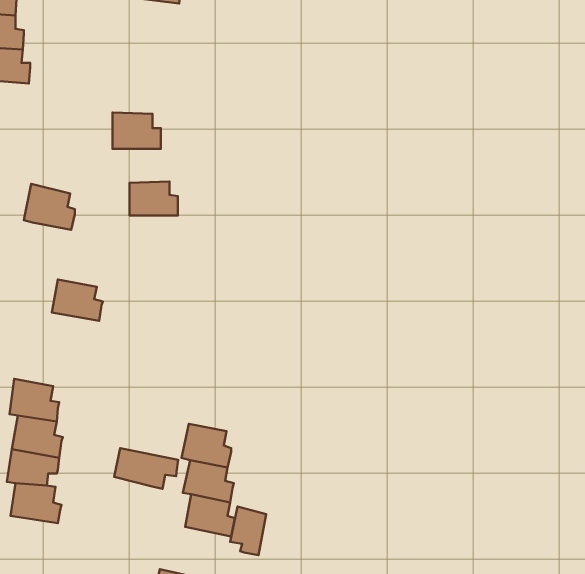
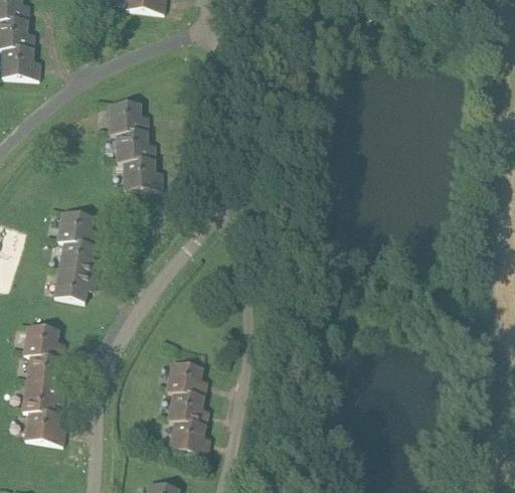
building: none -> [115,133,156,161]
building: [24,184,75,230] -> [56,209,99,248]
building: none -> [53,269,98,302]
building: [114,448,178,489] -> none
building: [230,506,266,555] -> none

